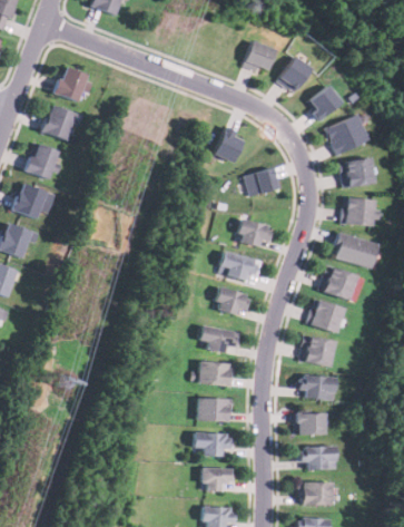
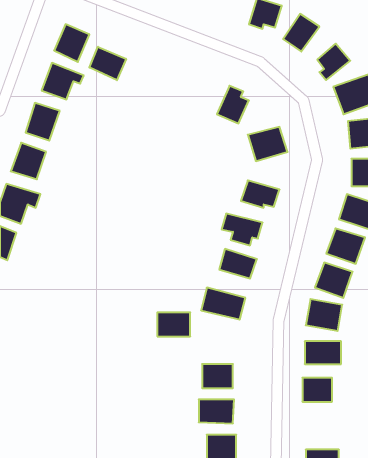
building: none -> [89,47,126,80]
building: [199,361,231,384] -> [157,312,190,336]
building: [302,445,336,468] -> none

